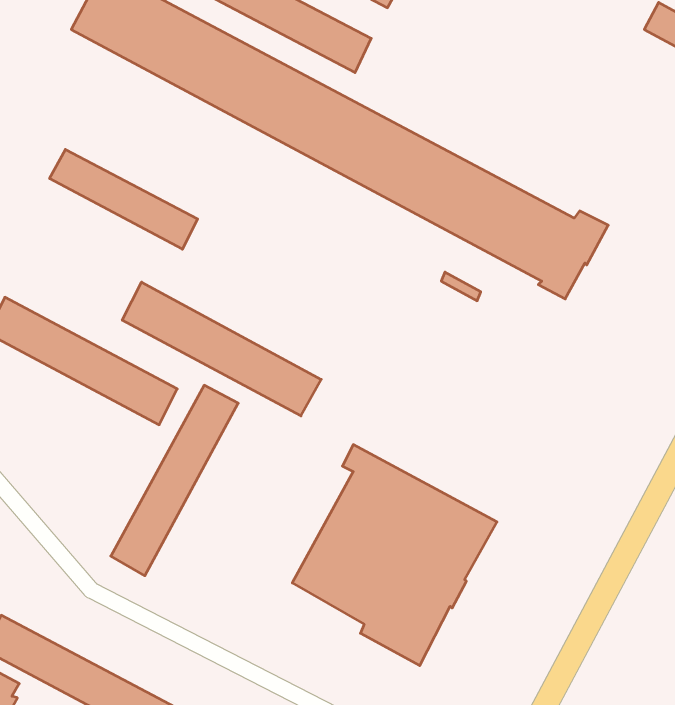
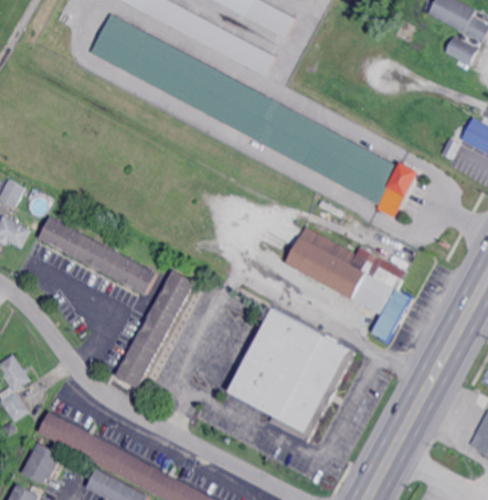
building: [50,149,198,249] -> none
building: [122,282,321,416] -> none
building: none -> [282,226,409,341]

